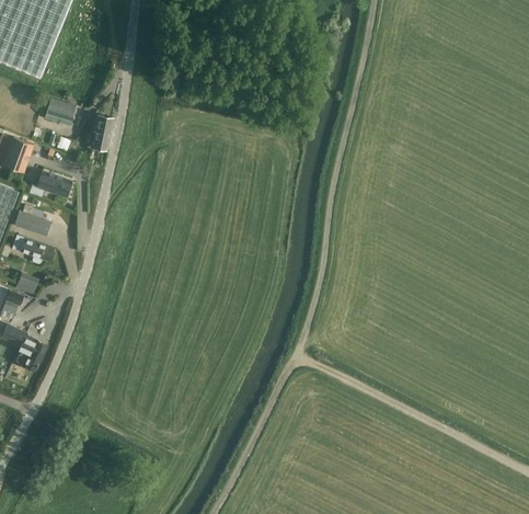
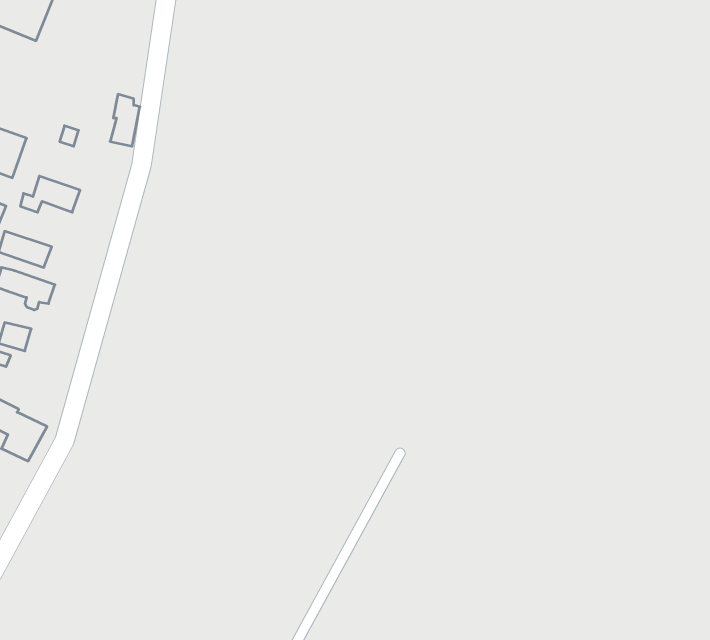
building: [43,98,74,125] -> none

